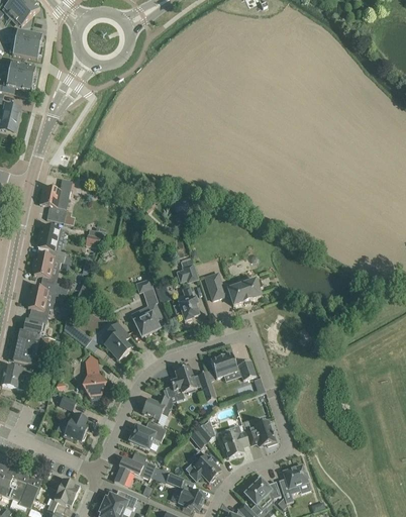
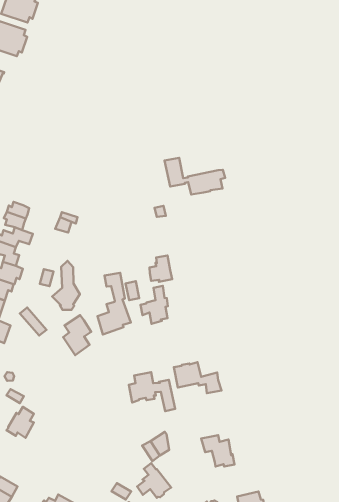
building: [40,179,72,222] -> none
building: [204,273,262,305] -> [165,158,225,194]
building: [80,354,105,400] -> [52,261,80,310]
building: [140,395,173,420] -> none
building: [127,421,166,449] -> none
building: [220,432,248,457] -> none
building: [113,452,155,485] -> none

